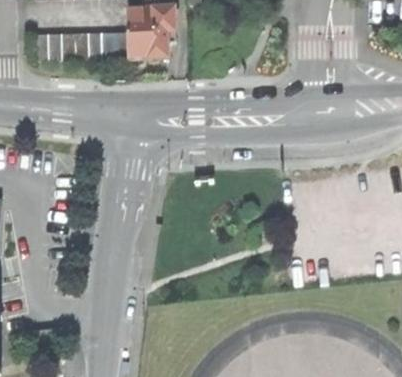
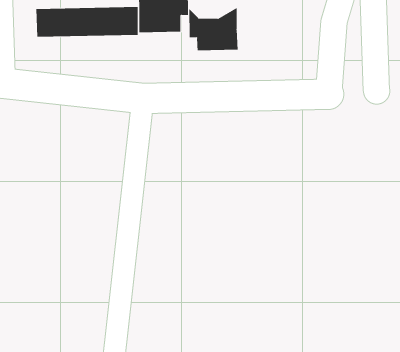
building: none -> [189,7,238,51]

